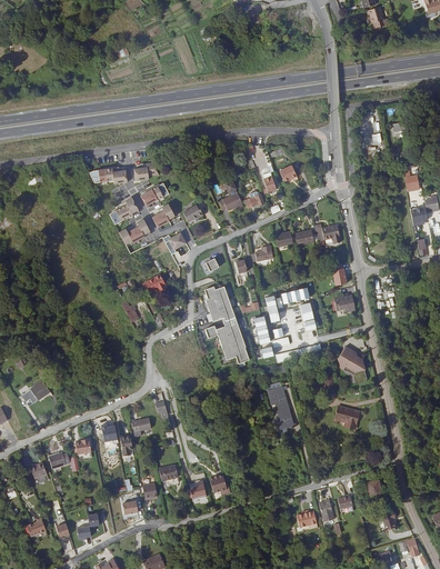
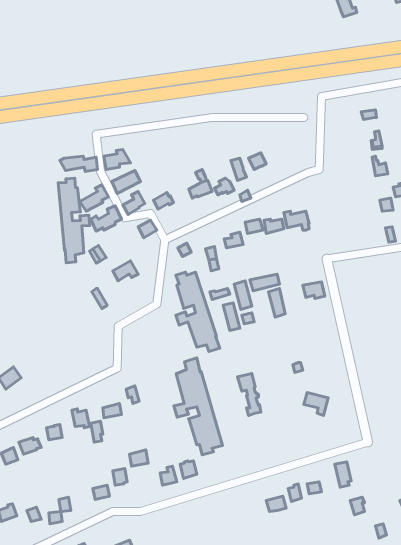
building: none -> [58,178,90,263]
building: [338,345,367,381] -> none
building: none -> [174,358,222,455]

